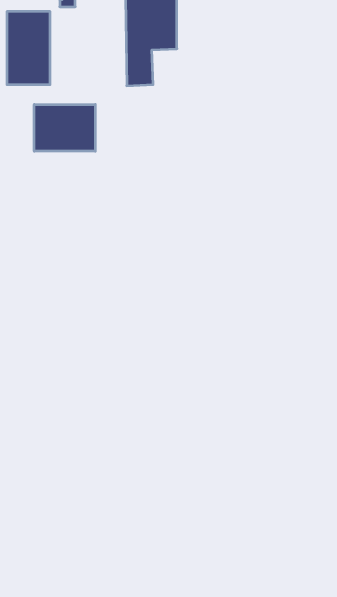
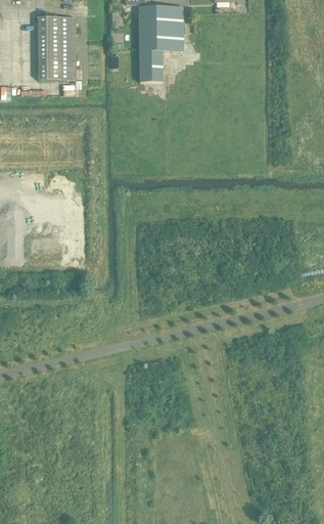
building: [34,104,95,151] -> none

